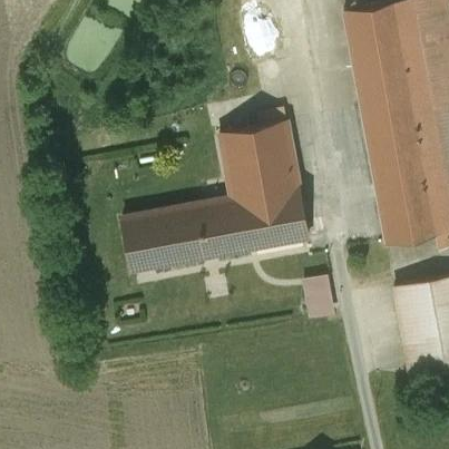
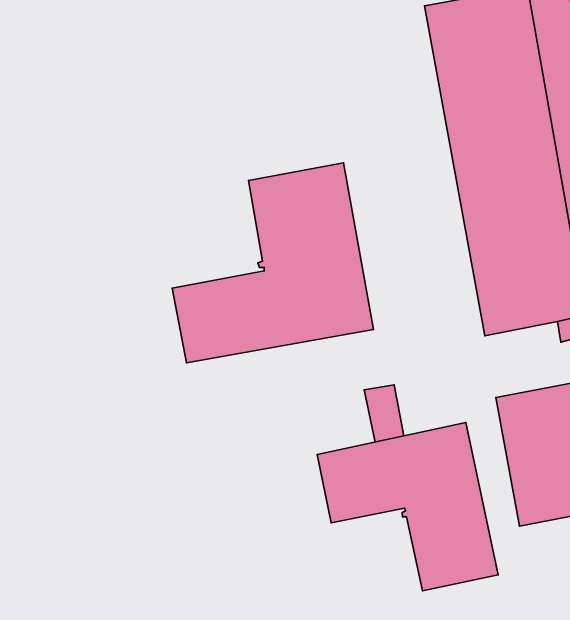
building: [123,211,177,272] -> none
building: none -> [317,422,498,591]

